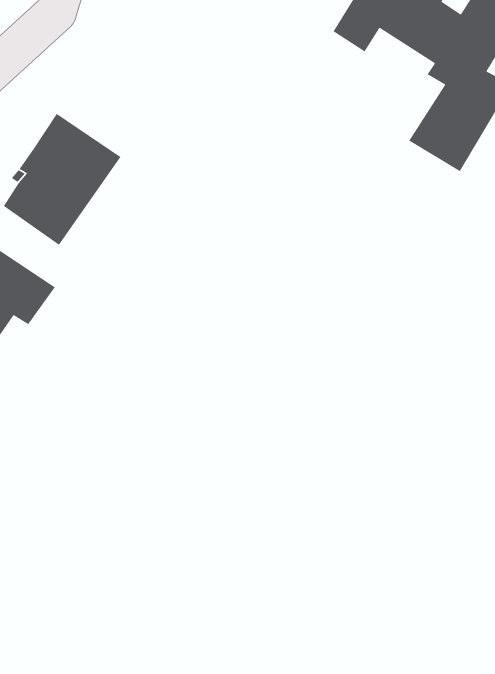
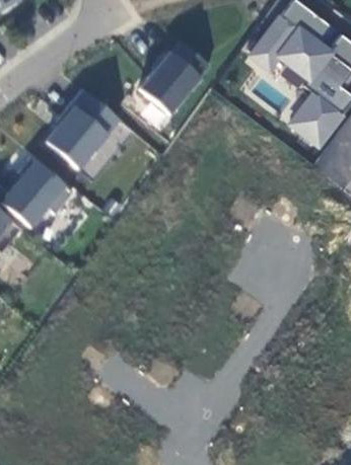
building: none -> [139,43,210,114]

